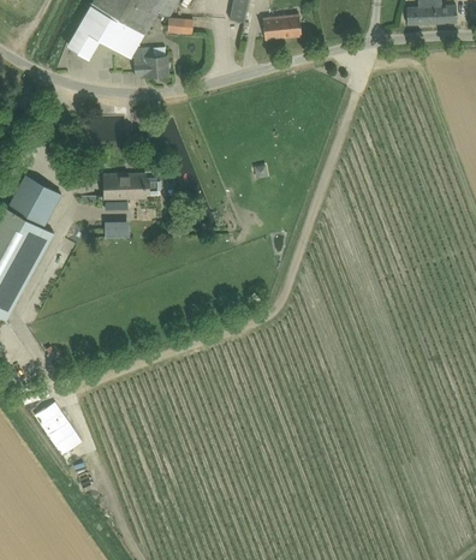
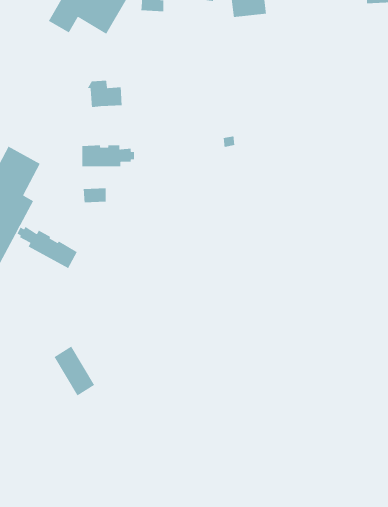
building: [130,47,168,77] -> [86,80,123,108]
building: none -> [16,226,78,269]
building: [36,399,81,453] -> [53,346,95,397]

